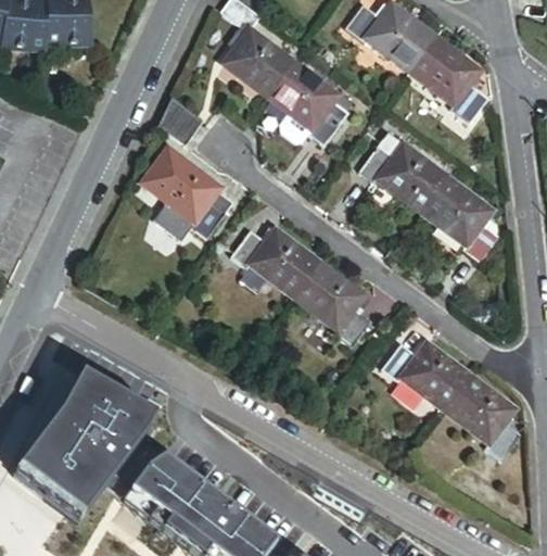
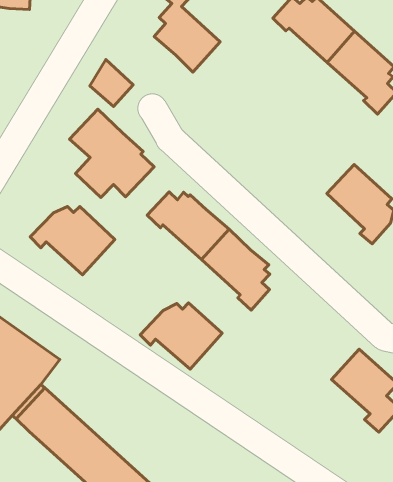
building: [267,62,344,146] -> none
building: [359,135,447,212] -> none
building: none -> [30,206,115,275]
building: [383,340,471,408] -> none
building: none -> [140,303,222,369]

